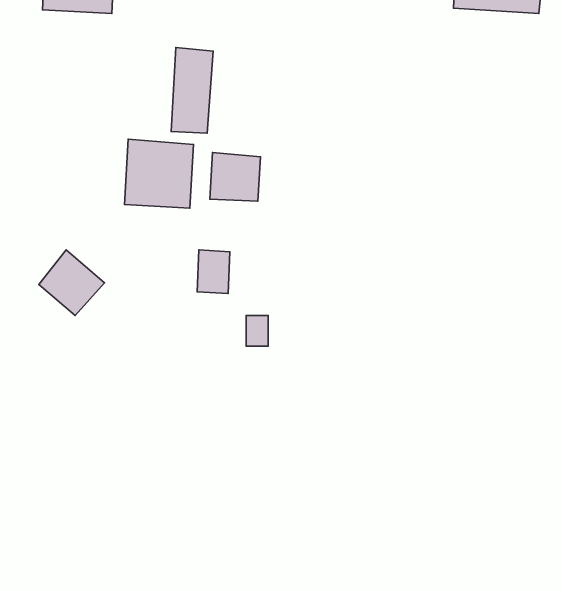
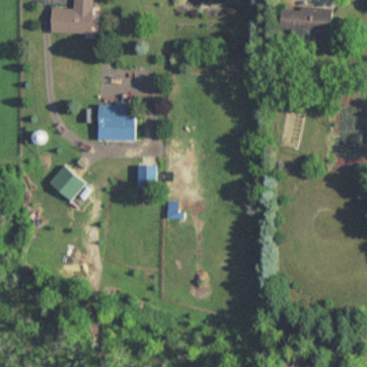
building: [171,47,213,133] -> none
building: [210,153,261,201] -> none

